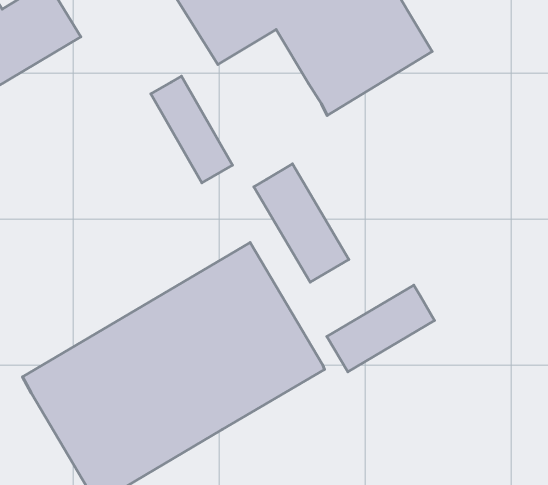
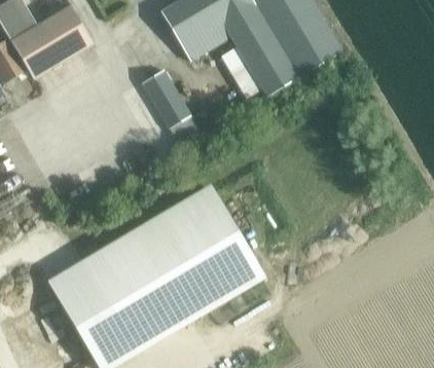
building: [254,164,349,282] -> none
building: [327,285,435,372] -> none

